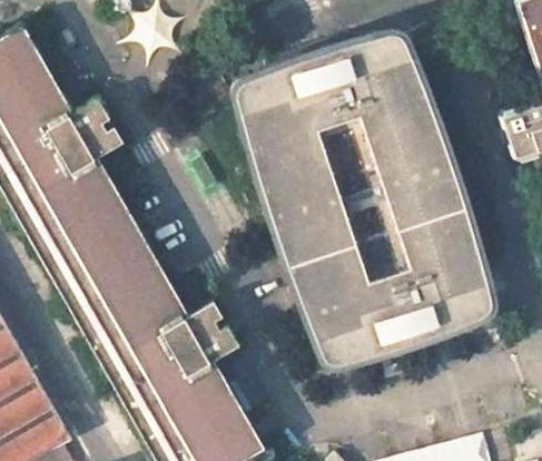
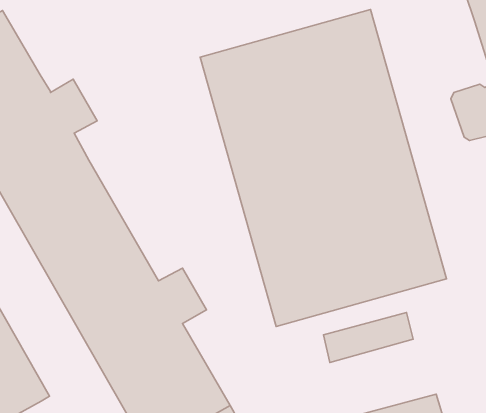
building: none -> [323,313,413,363]

